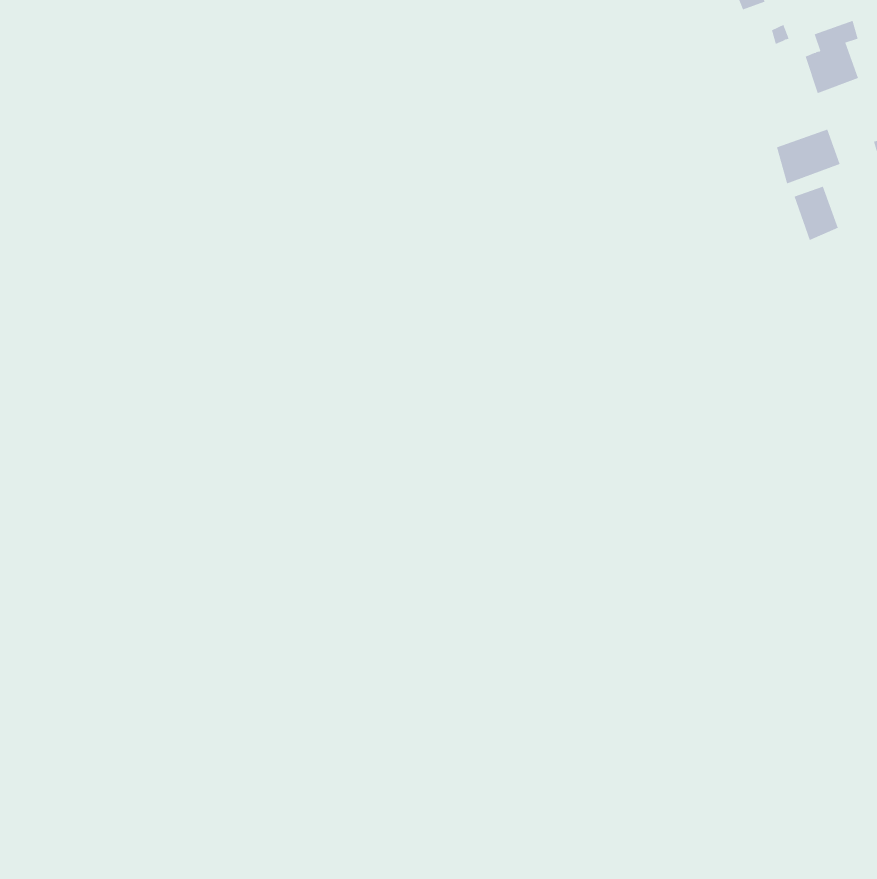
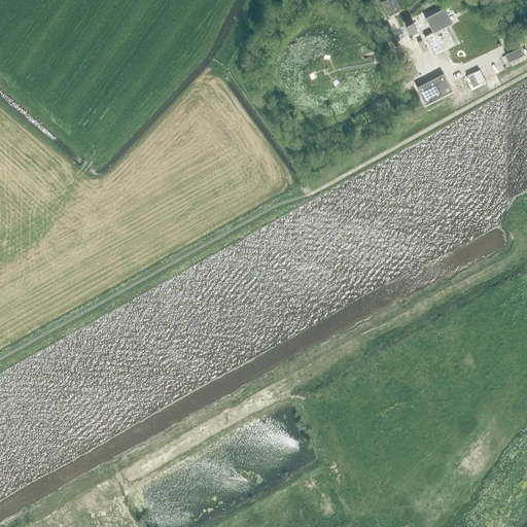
building: [794,186,839,241] -> none

